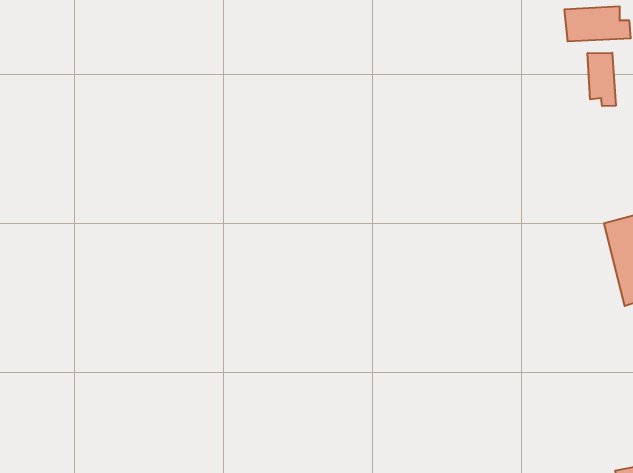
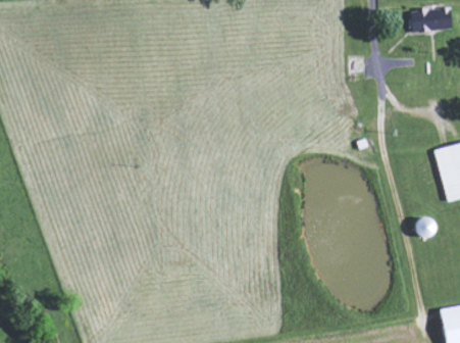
building: [588,53,616,106] -> none

